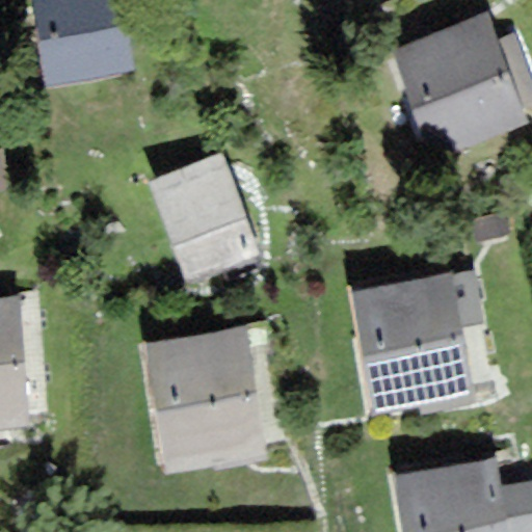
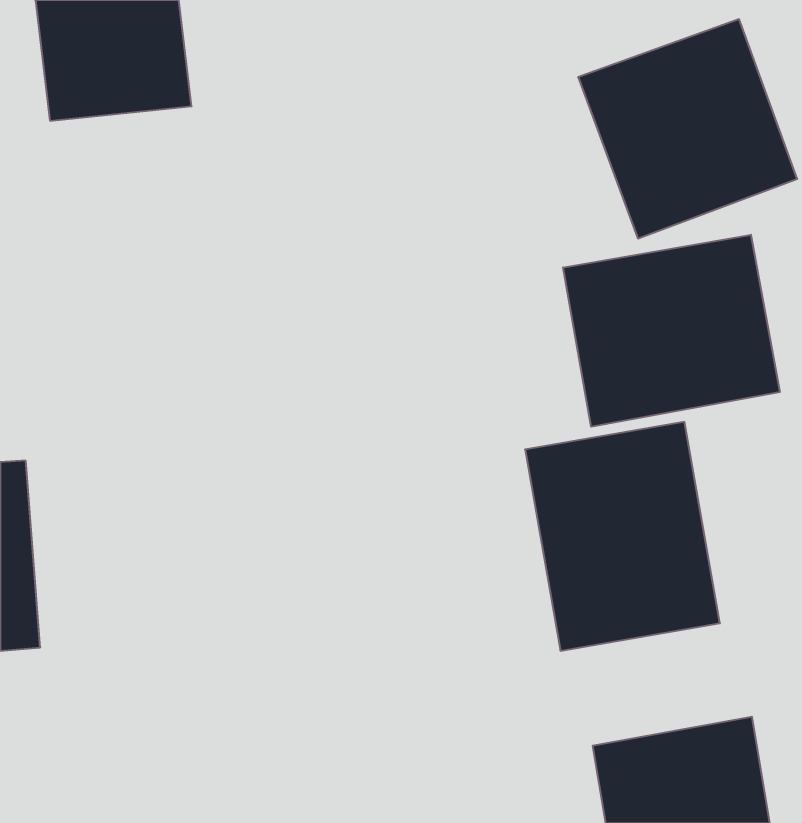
building: none -> [563,235,780,427]
building: [154,157,257,277] -> none
building: [145,331,264,464] -> none

